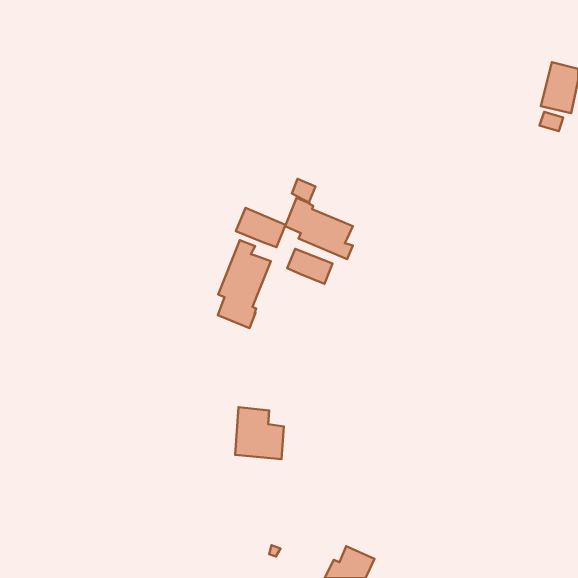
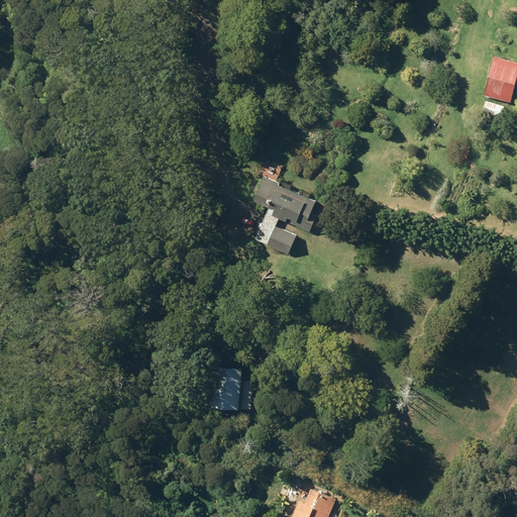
building: [236,208,286,247] -> none
building: [218,240,271,328] -> none

